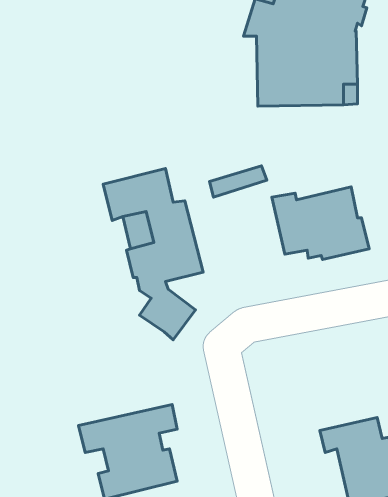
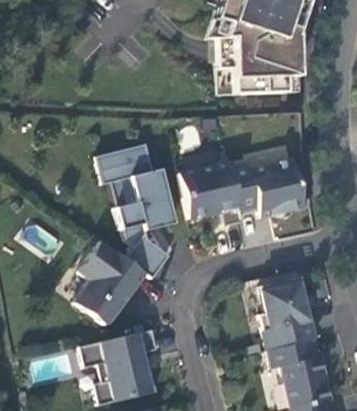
building: none -> [179,162,242,227]
building: none -> [74,240,145,324]
building: none -> [260,277,316,351]

